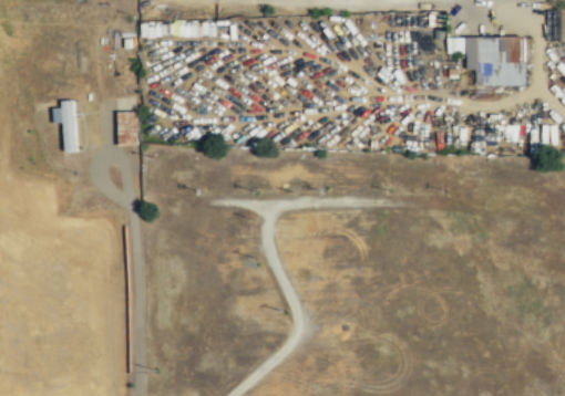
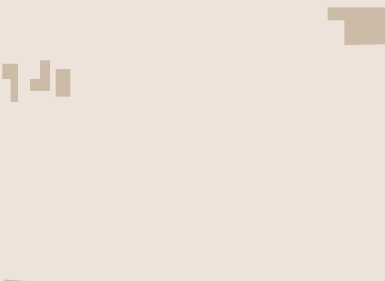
building: none -> [30,59,50,92]

